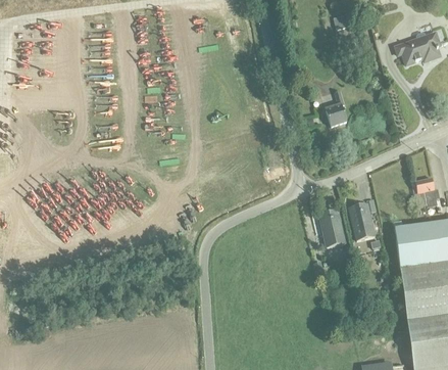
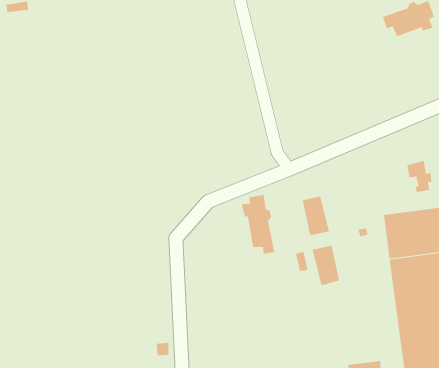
building: [326,89,346,126] -> none
building: [349,202,375,240] -> [312,245,340,286]
building: none -> [241,194,275,255]

